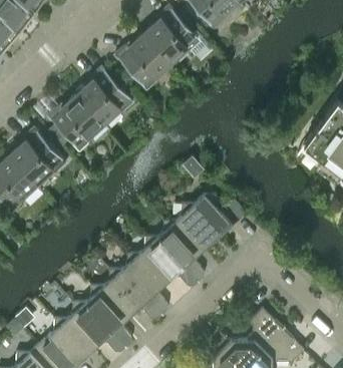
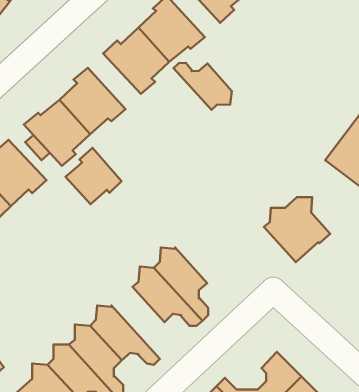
building: none -> [174,63,232,110]
building: none -> [66,148,121,204]
building: [176,195,232,250] -> [264,197,330,262]
building: [121,253,167,314] -> none

